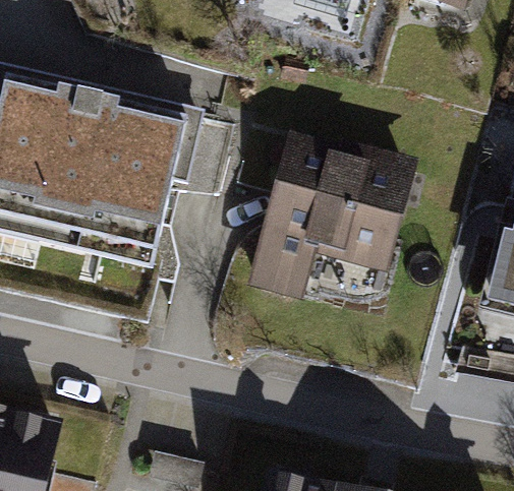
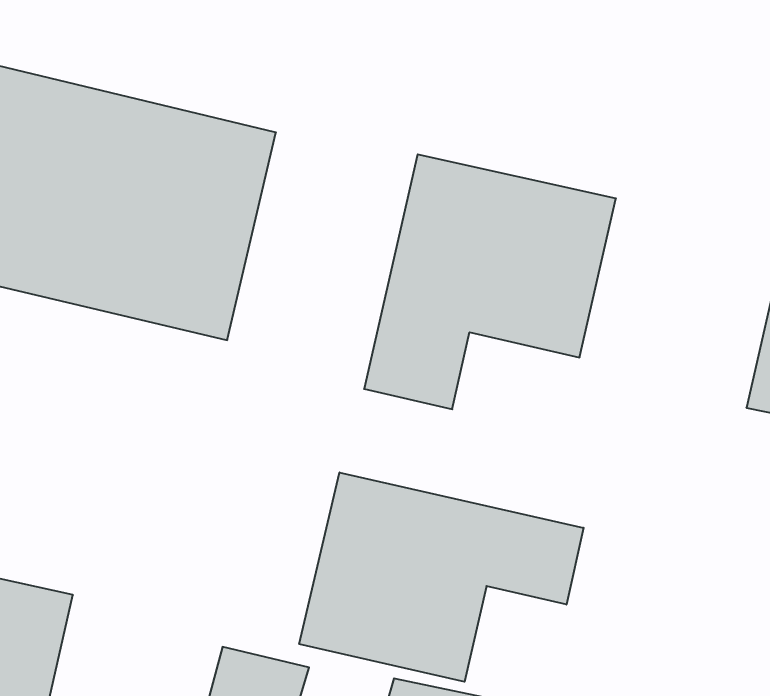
building: none -> [299,472,584,682]

